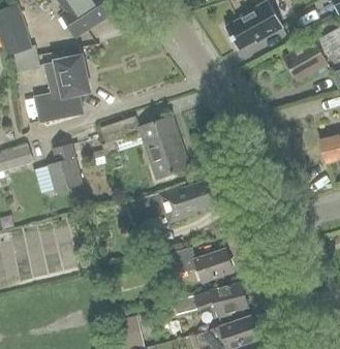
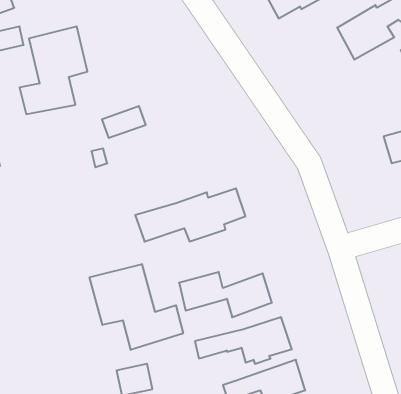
building: [141,117,189,178] -> none
building: [49,144,83,191] -> none
building: none -> [90,264,183,350]

